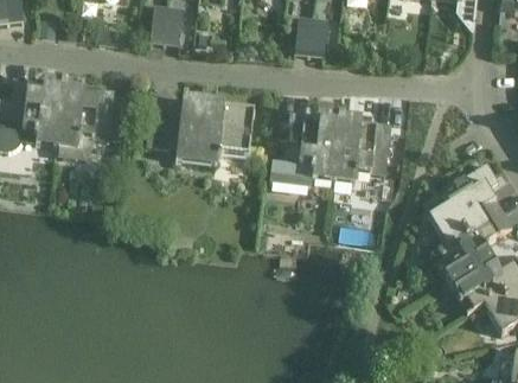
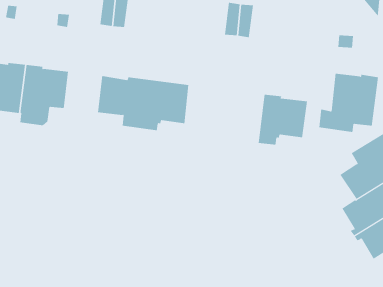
building: [271,115,341,184] -> [318,73,379,132]

